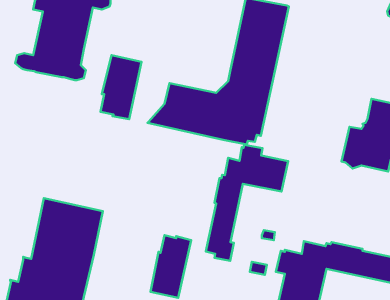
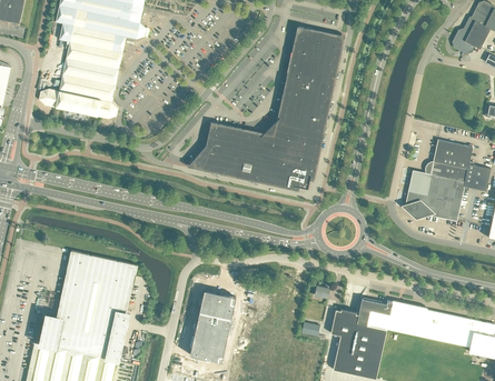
building: [100,55,141,119] -> none
building: [206,145,288,261] -> none

